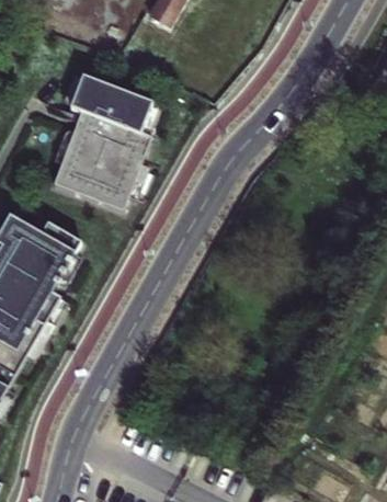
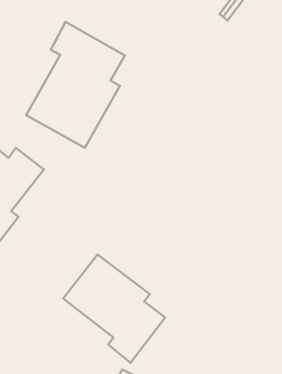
building: none -> [63,254,165,363]

